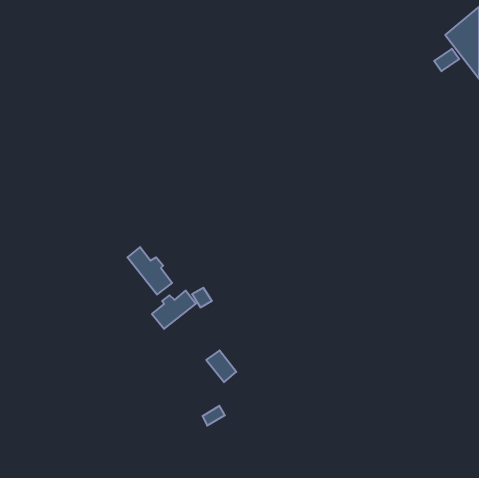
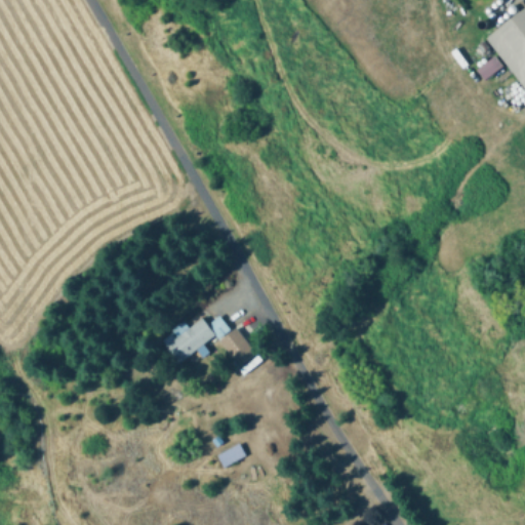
building: [127,247,172,295] -> none
building: [206,350,236,382] -> [223,329,255,364]

